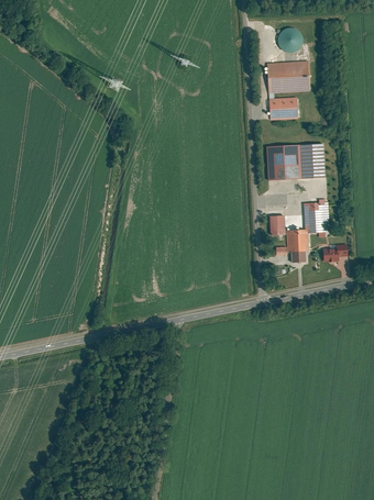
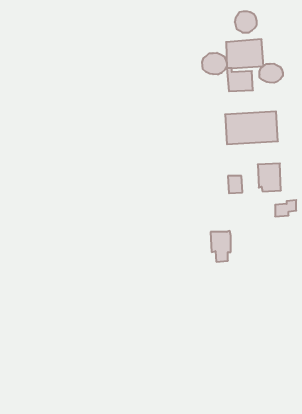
building: none -> [202,53,227,75]
building: none -> [259,64,283,83]
building: [285,229,308,264] -> [211,231,231,262]

